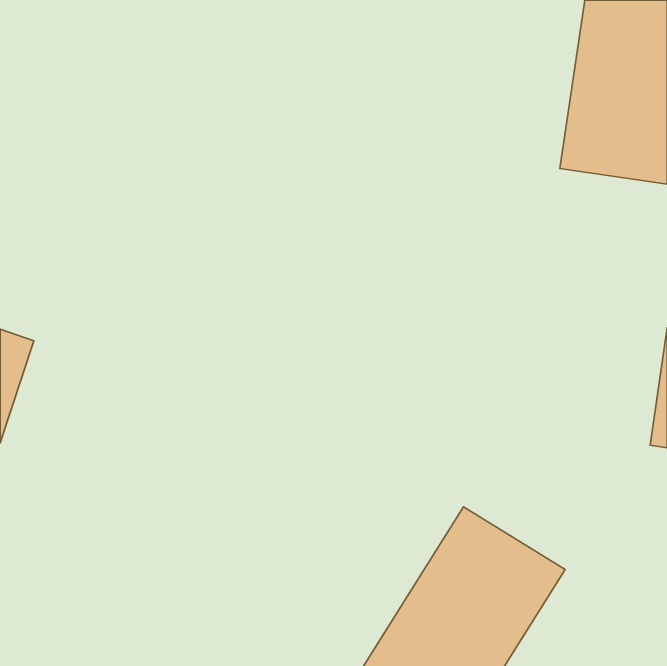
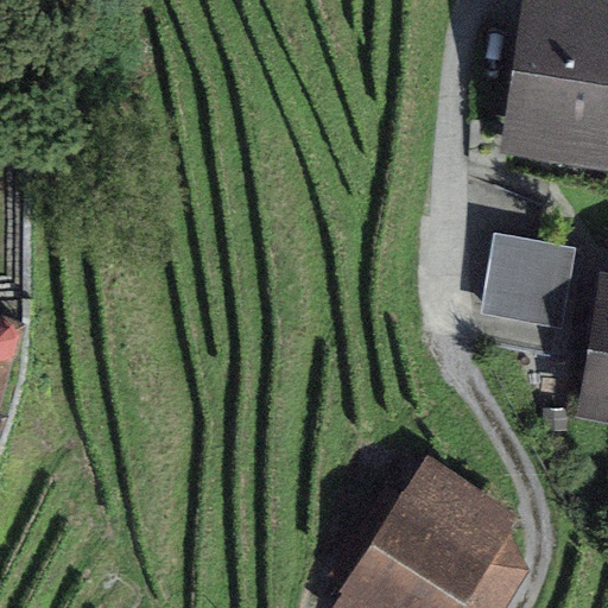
building: none -> [481,232,574,327]

